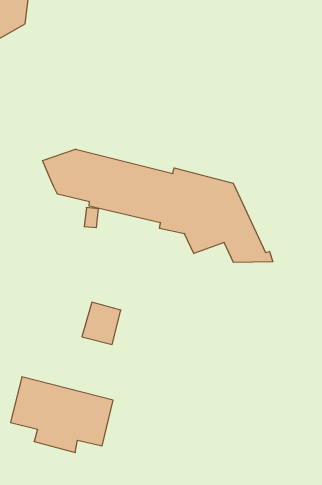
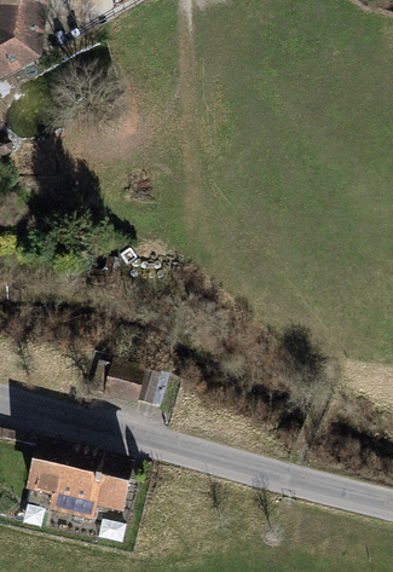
building: [43,149,273,262] -> none

